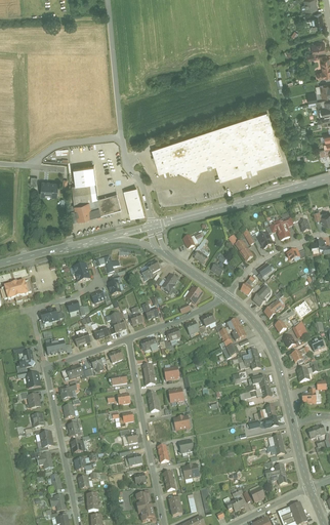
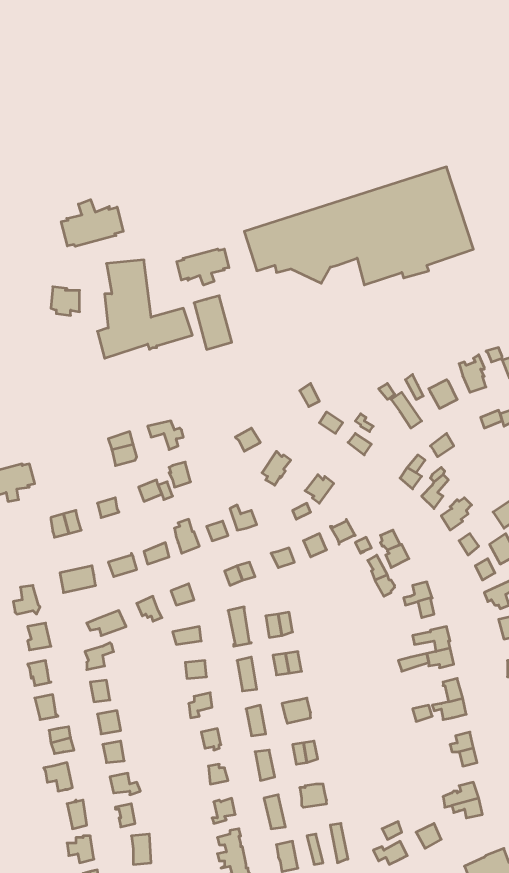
building: none -> [61,200,123,246]
building: none -> [177,249,229,285]

